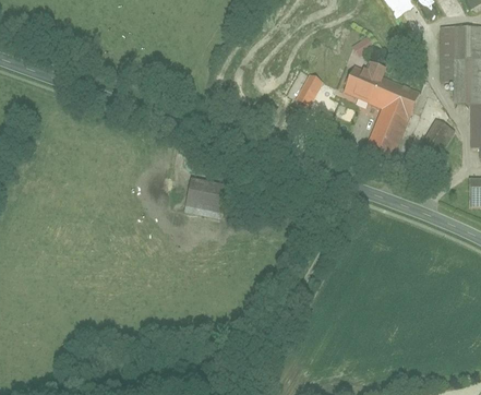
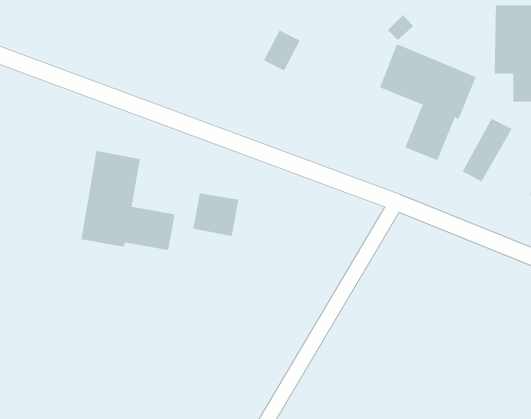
building: [294,74,325,108] -> [263,30,300,71]
building: none -> [81,150,175,251]

